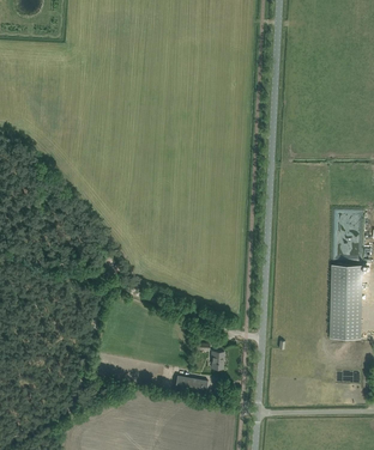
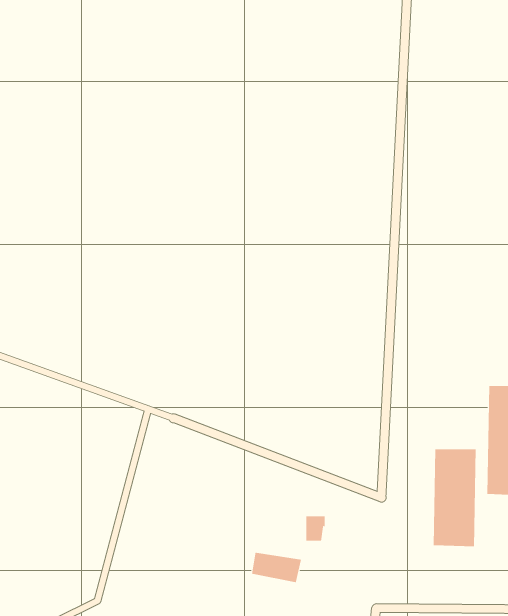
building: none -> [433,449,476,547]

